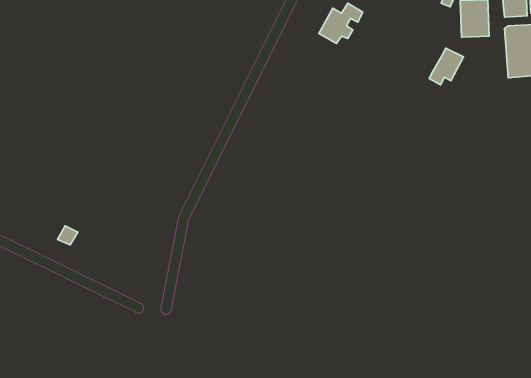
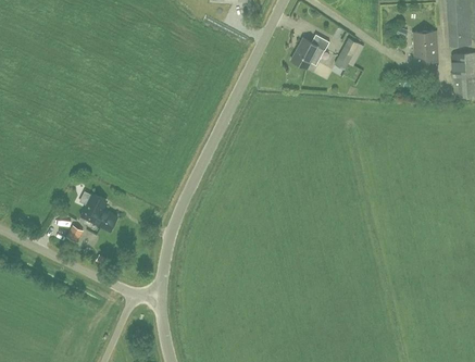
building: [429,48,463,85] -> [334,38,363,70]
building: none -> [86,194,116,229]

